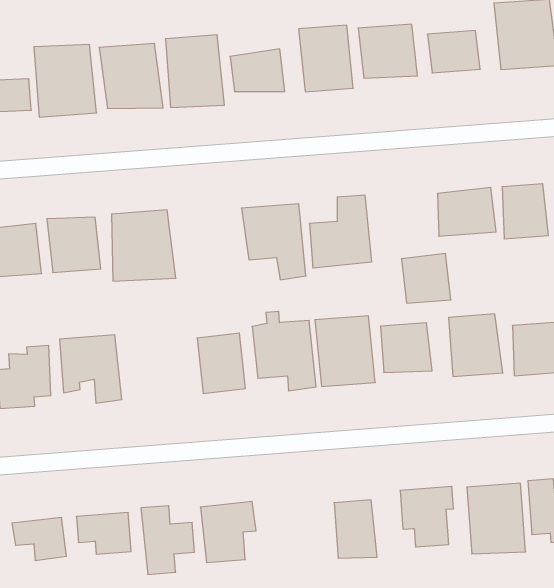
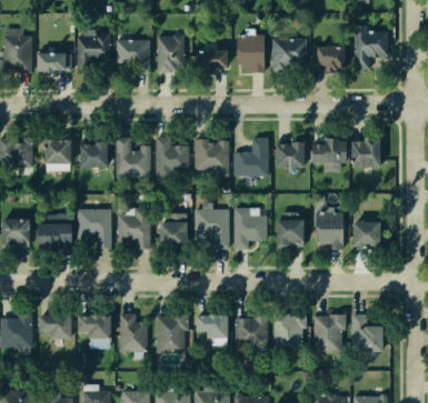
building: none -> [156,139,187,177]
building: [401,254,451,303] -> [273,140,301,168]
building: none -> [118,208,151,249]
building: none -> [199,315,230,339]

